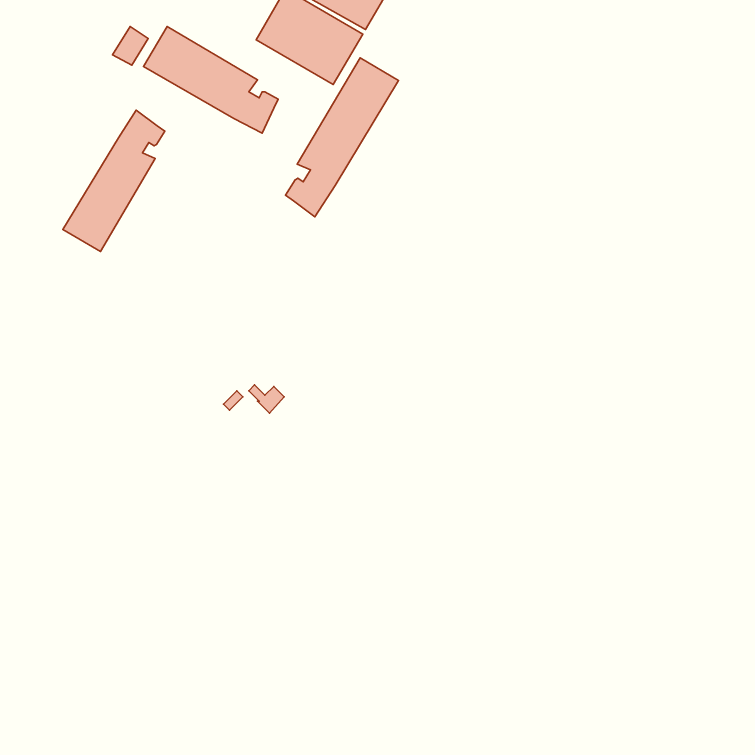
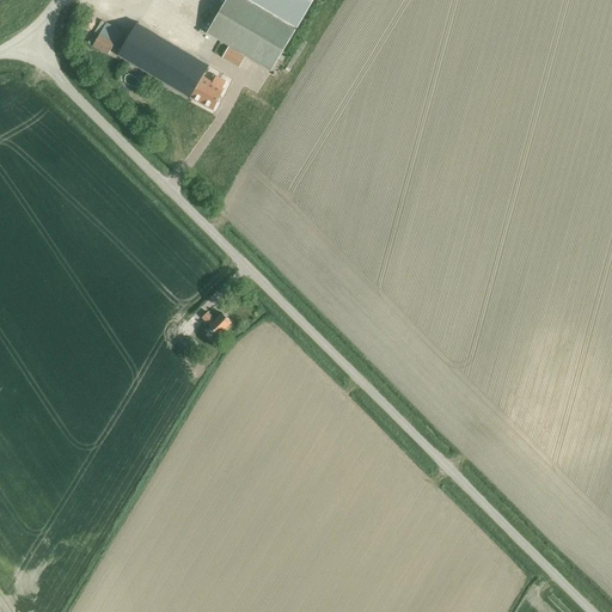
building: [286,58,398,217] -> none
building: [63,110,165,251] -> none

